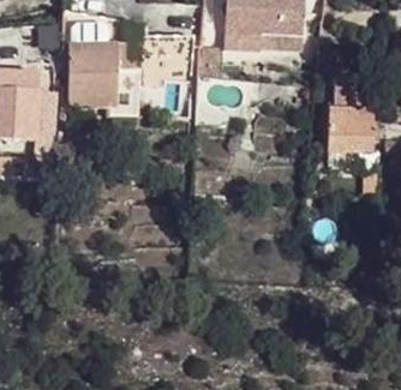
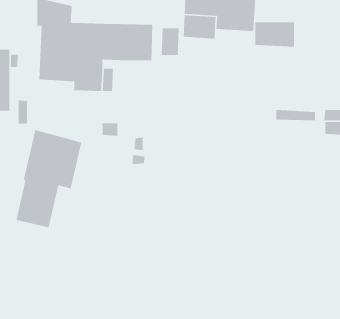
building: [328,107,372,136] -> [255,21,295,48]
building: none -> [15,129,82,228]

